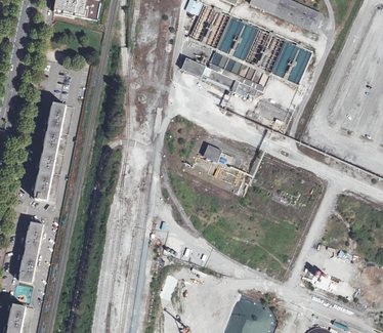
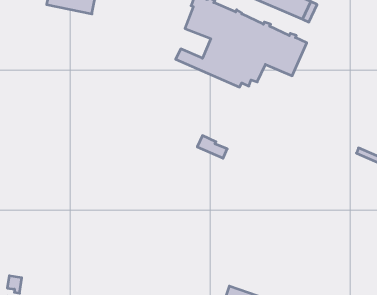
building: [34,102,73,201] -> none
building: [18,221,43,283] -> none

